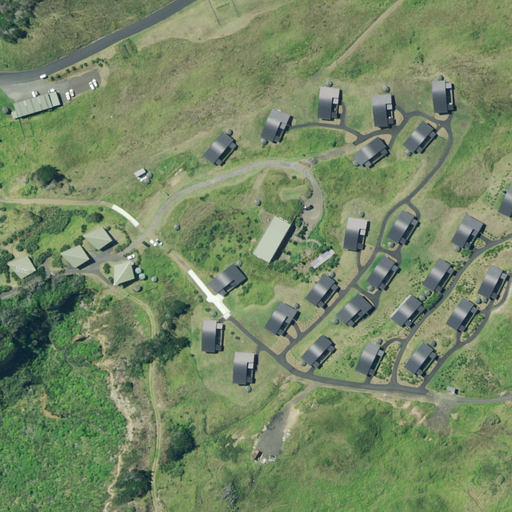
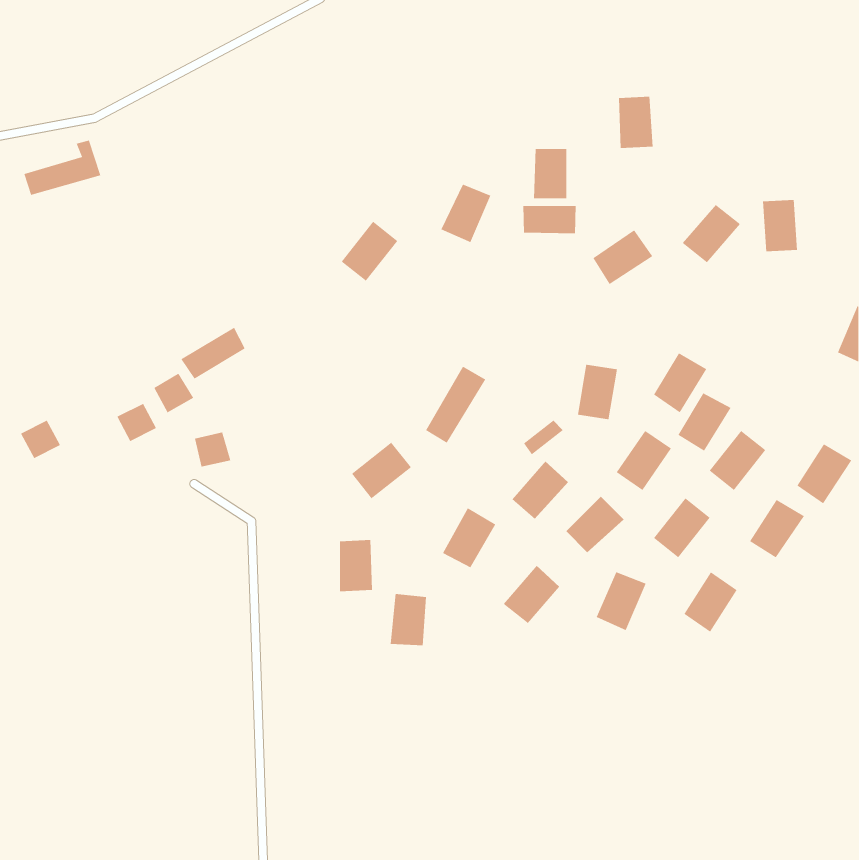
building: [430,80,451,111] -> [762,199,798,252]
building: [372,93,393,124] -> [618,96,654,148]
building: none -> [523,205,576,234]
building: none -> [181,327,246,379]
building: [448,214,480,249] -> [677,393,731,452]

